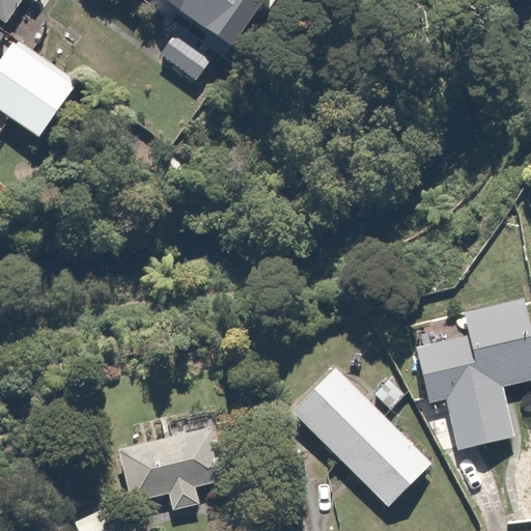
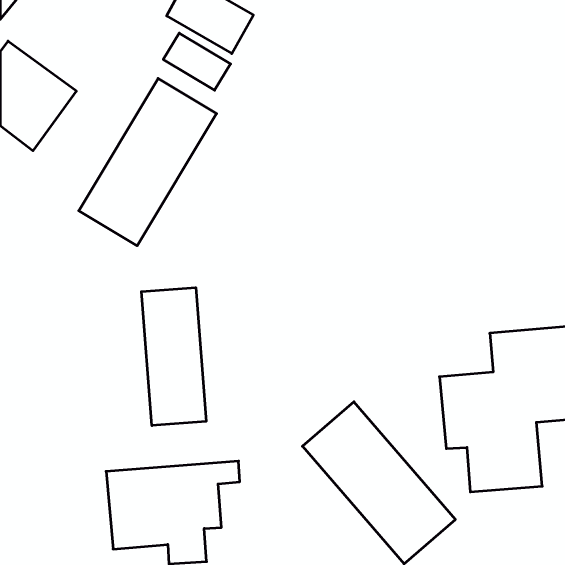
building: none -> [79,78,217,246]
building: none -> [141,288,206,426]

